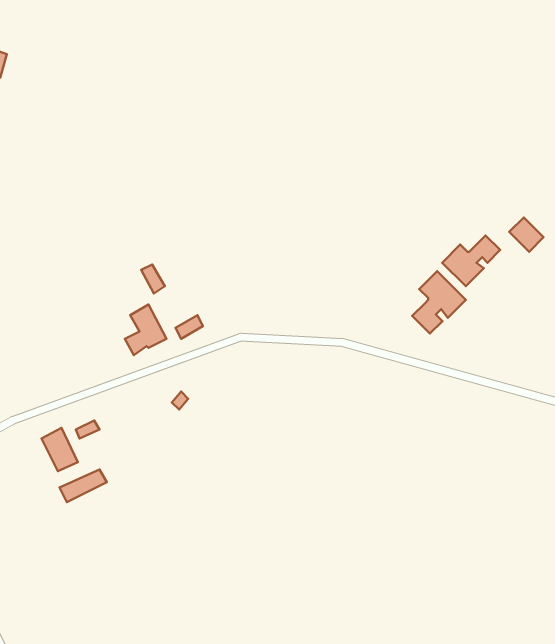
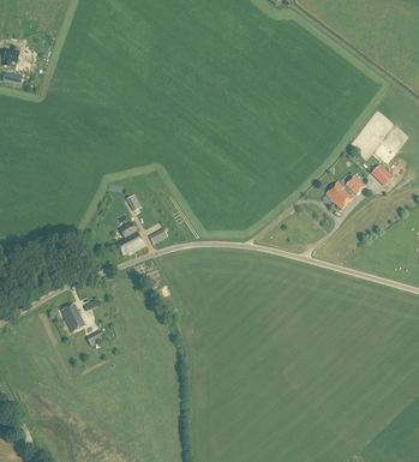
building: [412,271,466,334] -> none

